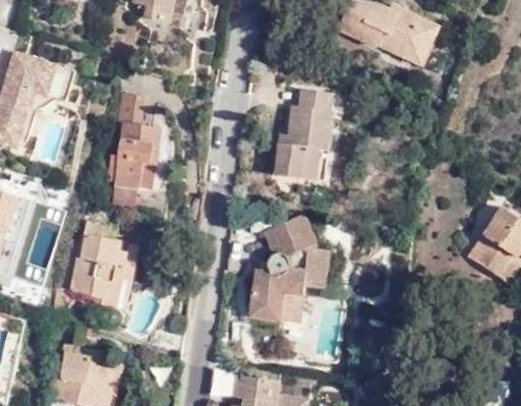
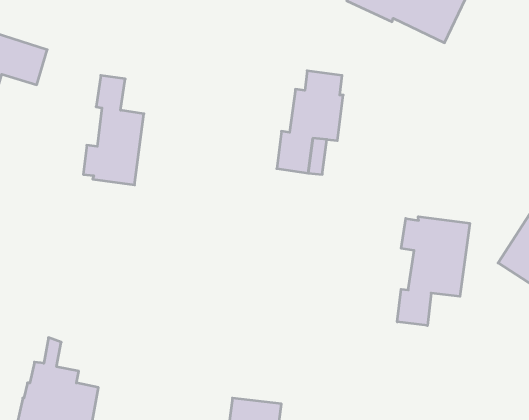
building: [249,215,329,322] -> none
building: none -> [397,217,470,326]
building: [71,221,135,309] -> none

